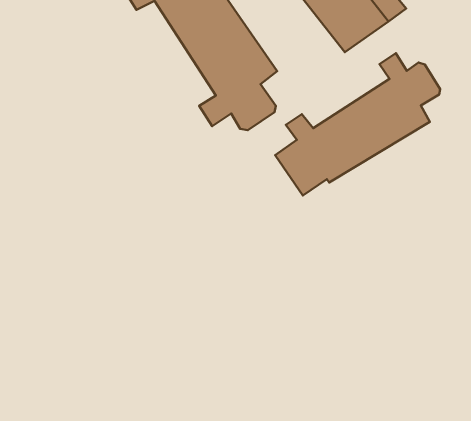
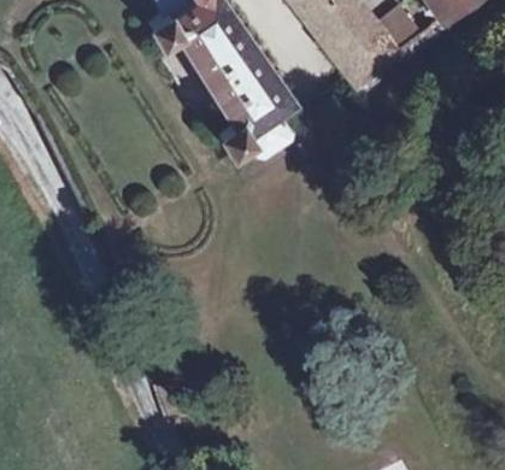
building: [275,53,440,195] -> none

